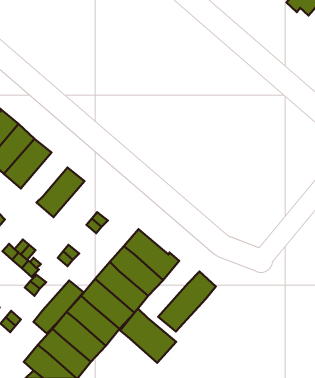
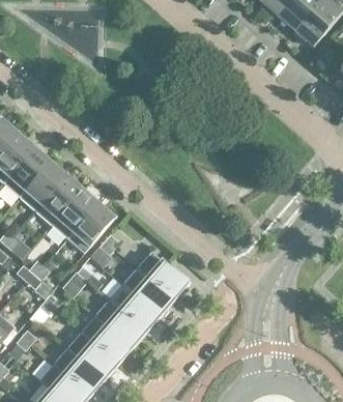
building: none -> [35,176,81,225]
building: none -> [67,204,113,253]
building: [158,272,216,332] -> none
building: [34,281,83,334] -> none
building: [120,309,176,363] -> none

